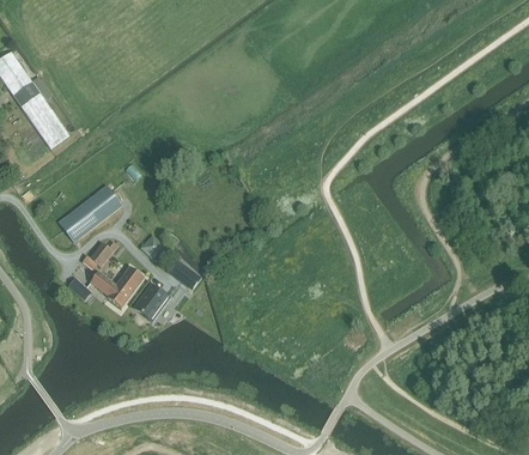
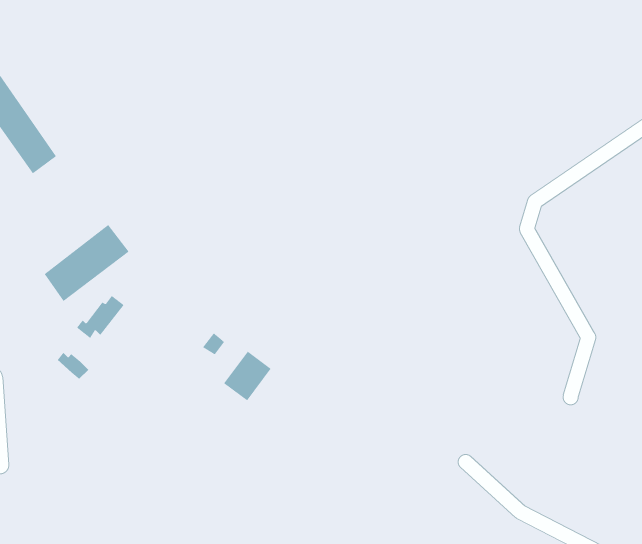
building: [91,265,144,305] -> none
building: [134,283,170,320] -> [223,351,272,401]

